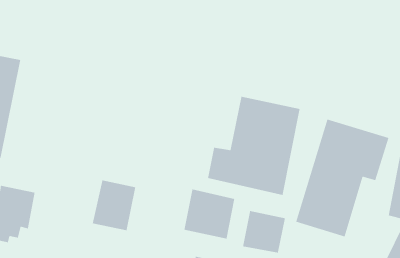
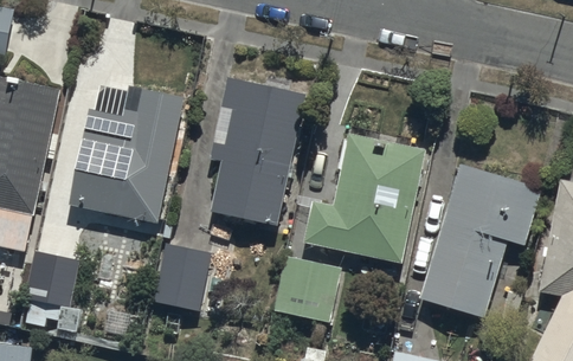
building: none -> [67,86,185,225]
building: none -> [207,98,302,227]
building: [242,210,286,254] -> none

